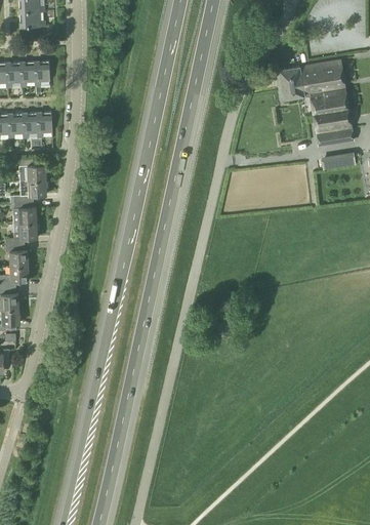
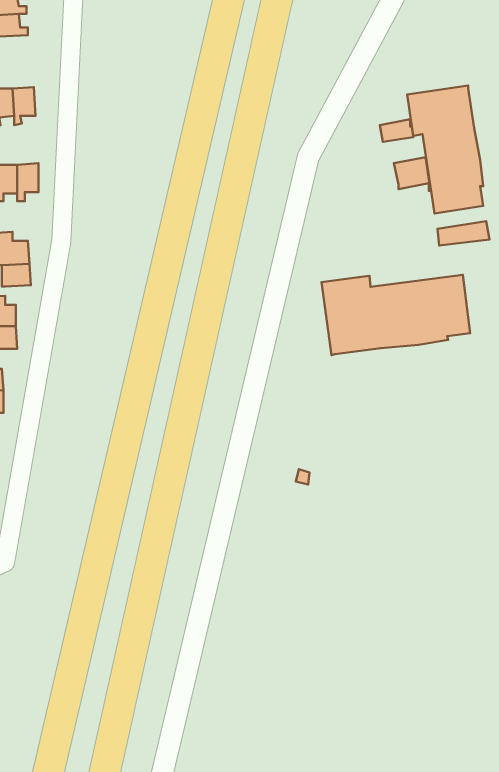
building: [279,66,303,88] -> [394,157,430,191]
building: none -> [322,275,470,355]

